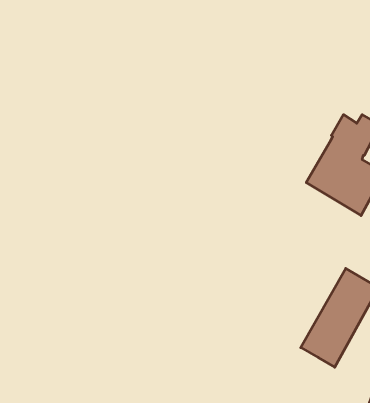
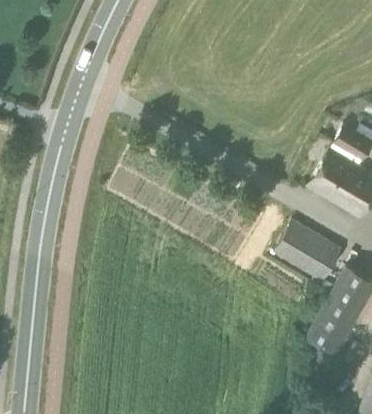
building: none -> [274,218,344,280]

